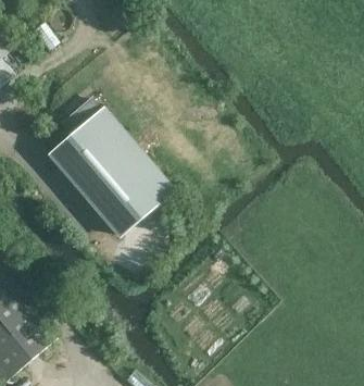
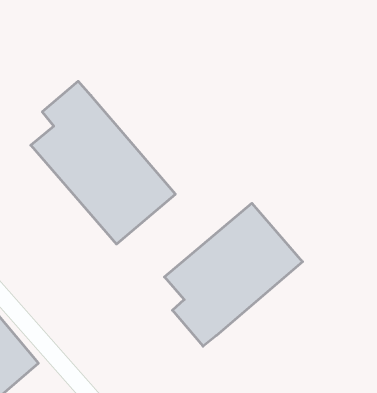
building: none -> [164,203,303,346]

